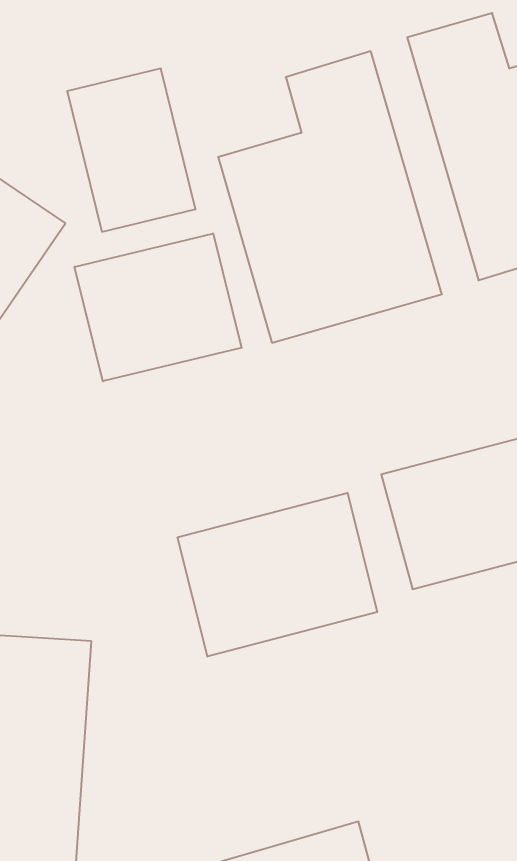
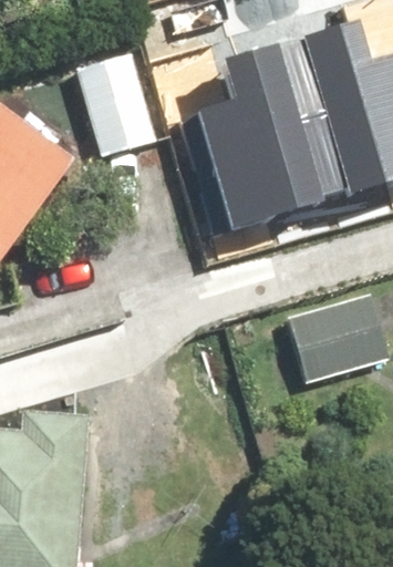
building: [75,233,241,381] -> none
building: [178,493,377,657] -> none

